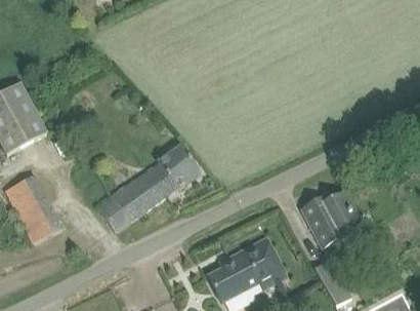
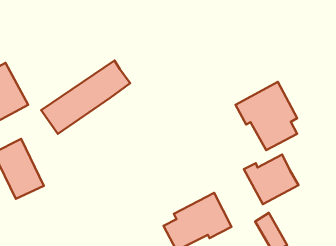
building: none -> [236,82,297,150]
building: [95,145,200,231] -> [41,60,130,134]

